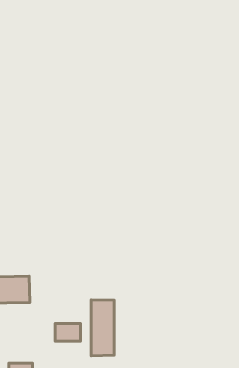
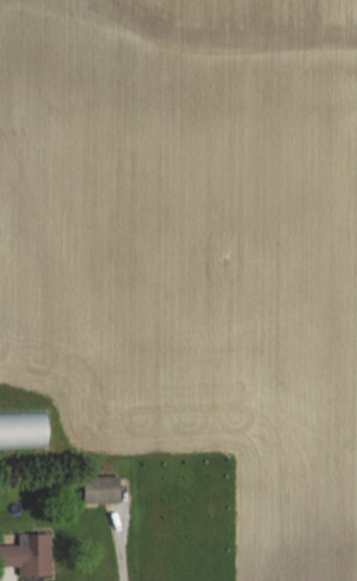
building: [91,300,114,356] -> none

